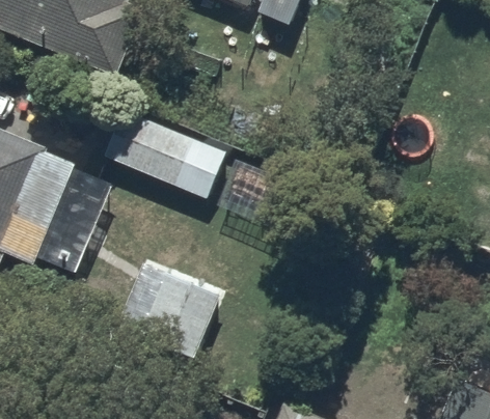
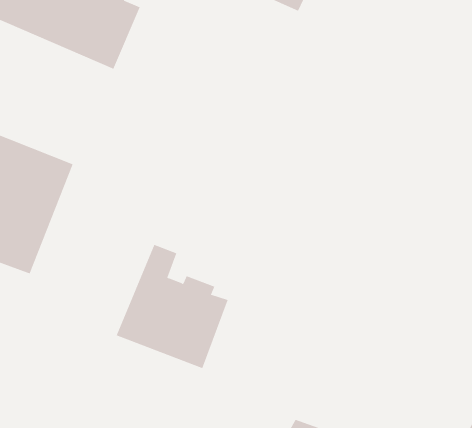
building: [103,100,228,198] -> none

